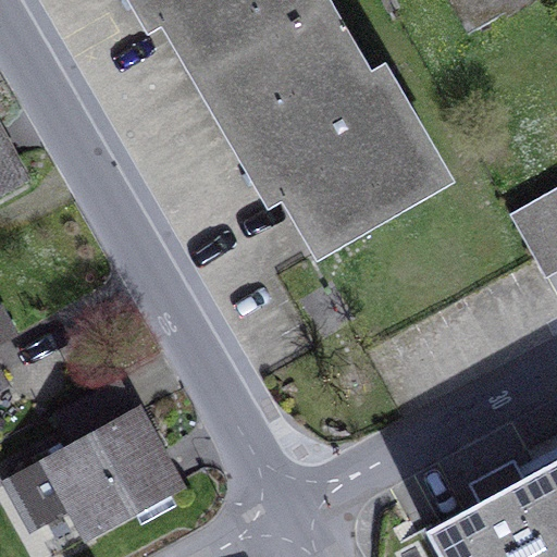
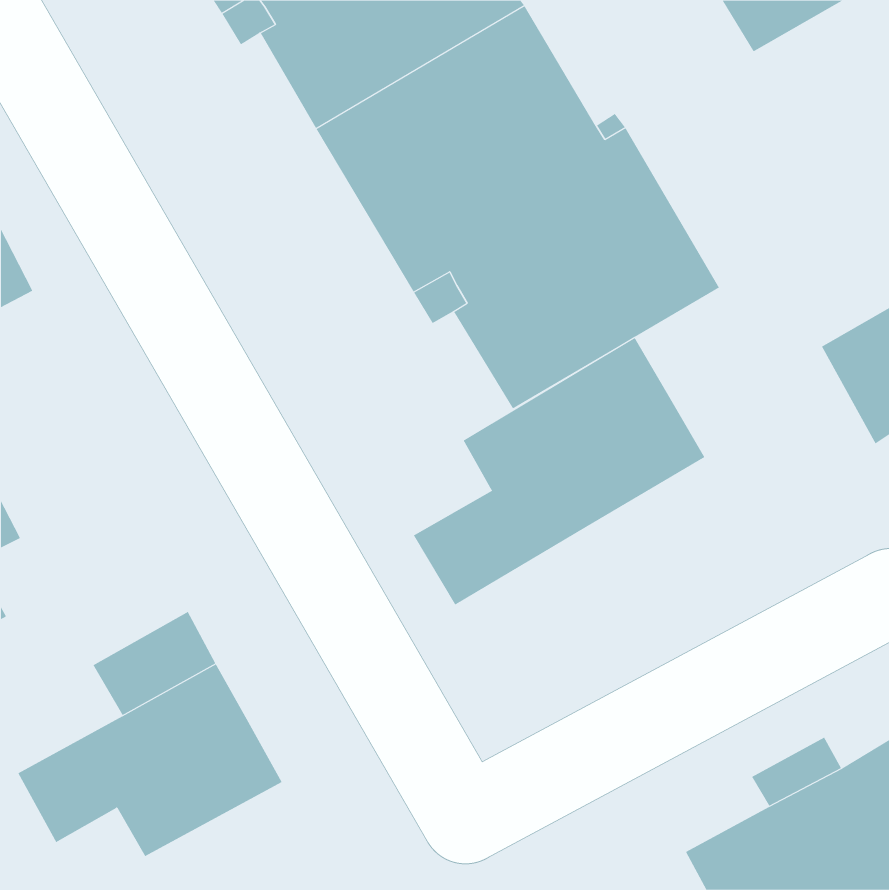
building: none -> [413,337,705,605]

